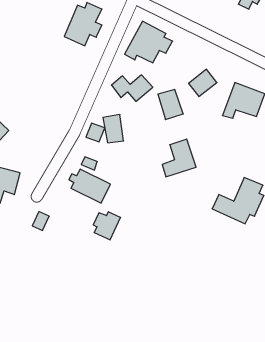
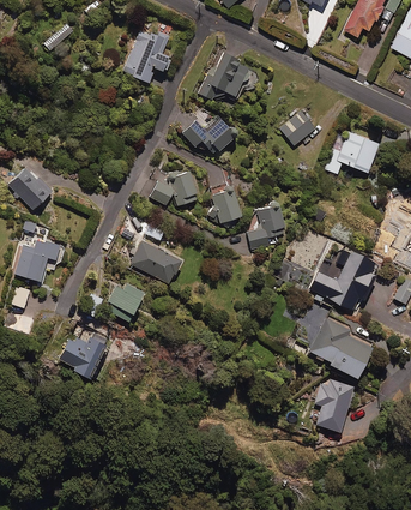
building: [158,89,183,120] -> [210,184,242,222]
building: [93,212,121,240] -> [108,283,143,319]
building: none -> [294,304,373,374]
building: none -> [59,331,107,374]
building: none -> [315,378,355,430]

